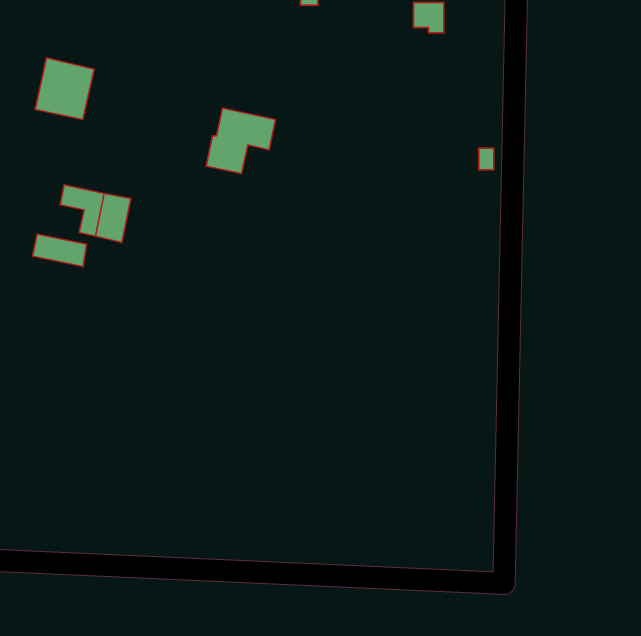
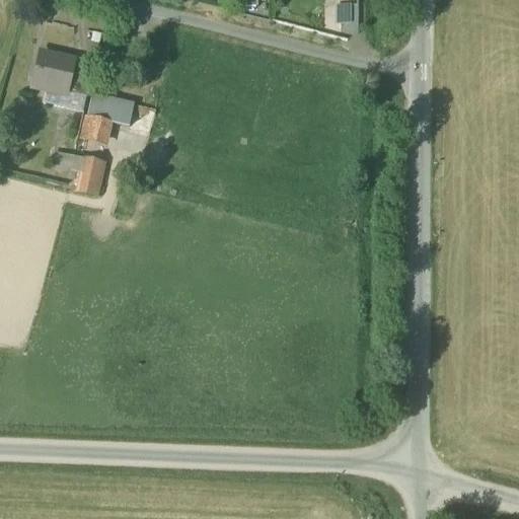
building: [206,108,275,174] -> [79,91,135,144]
building: [33,234,86,267] -> none

